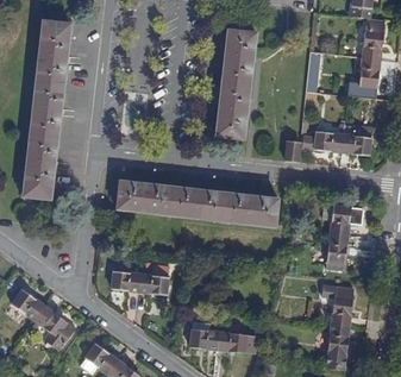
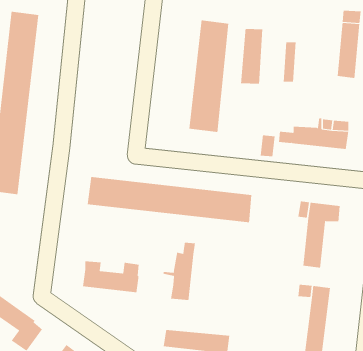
building: none -> [240,28,263,85]
building: none -> [163,242,195,301]

